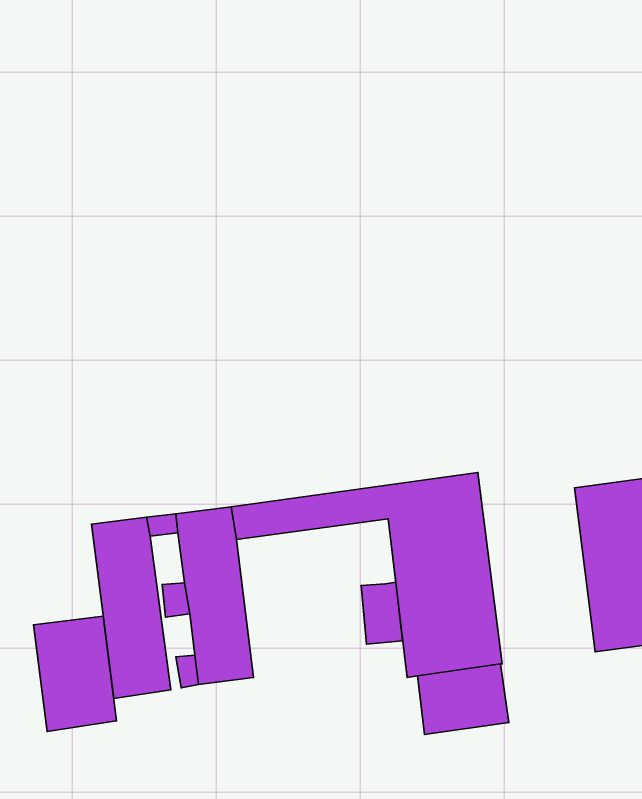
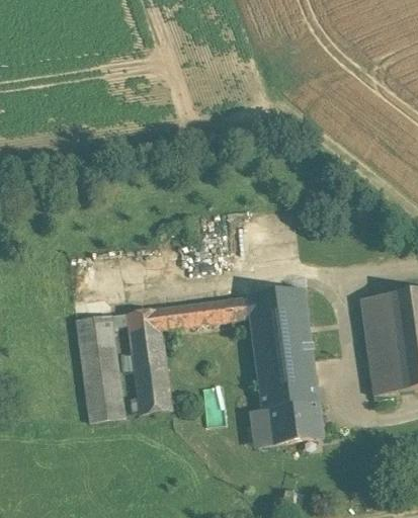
building: [361,582,403,644] -> [248,408,272,444]
building: [33,616,116,732] -> none

